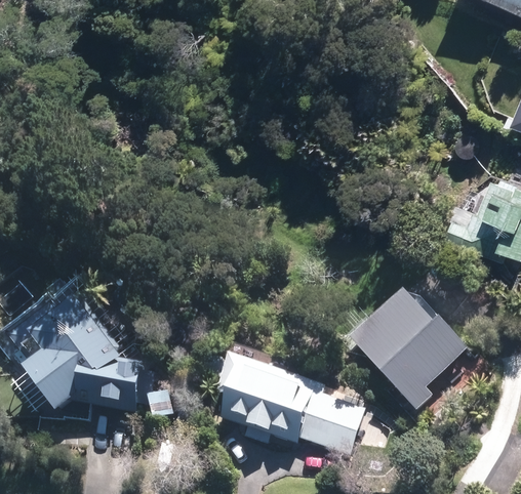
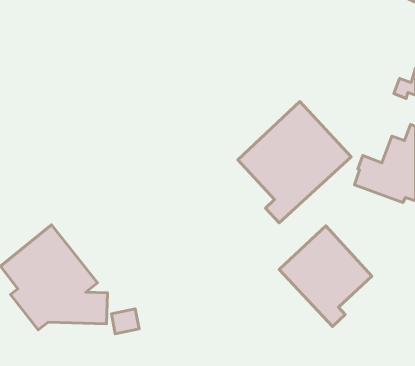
building: none -> [238,102,351,223]
building: [216,354,364,453] -> none

